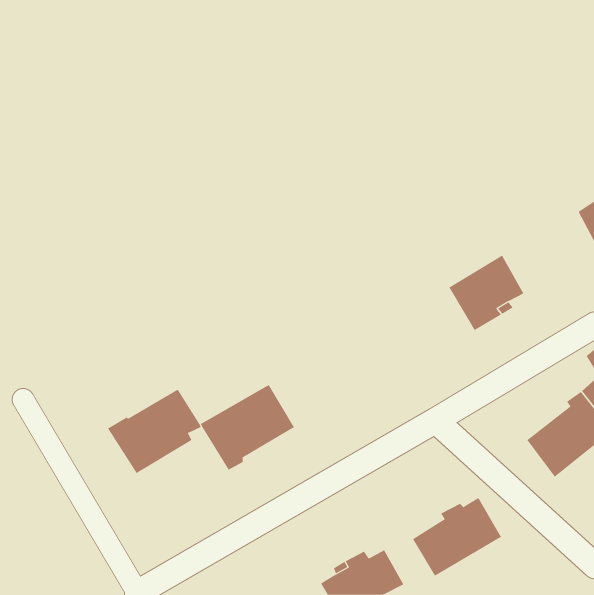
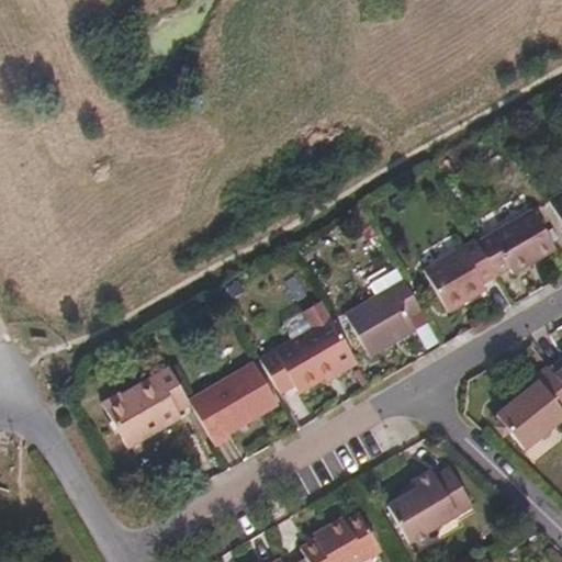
building: none -> [475,210,552,274]
building: none -> [346,280,420,355]
building: none -> [260,317,355,391]

